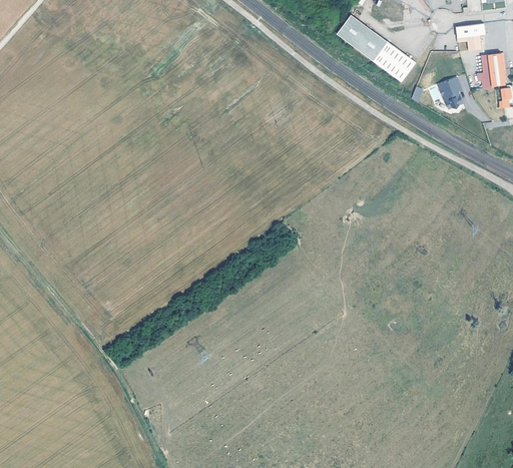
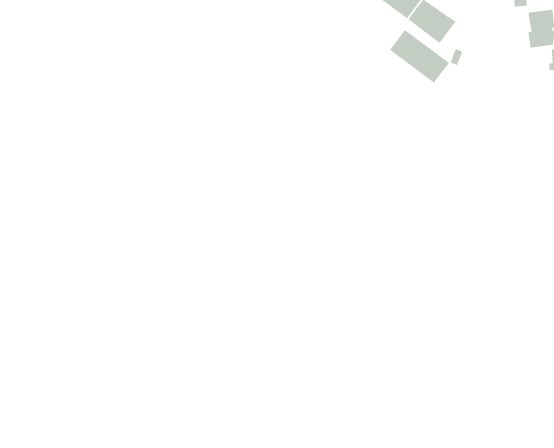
building: none -> [389,29,450,84]
building: [437,78,463,110] -> none

